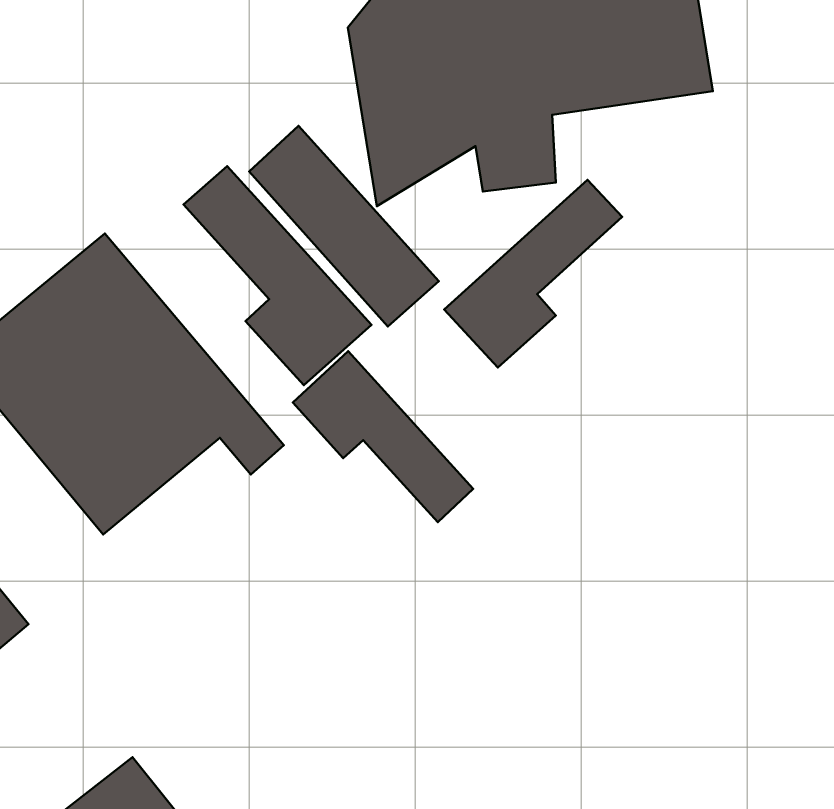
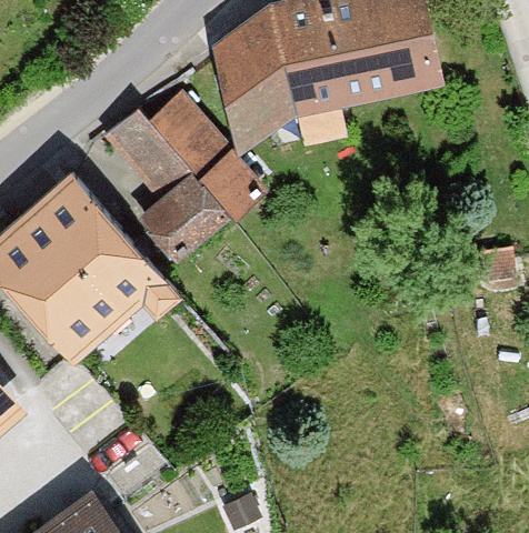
building: [444,180,622,367] -> none
building: [293,351,473,522] -> none

